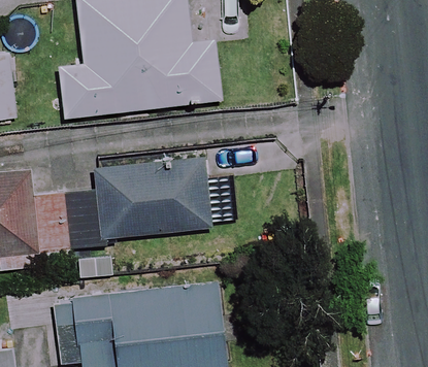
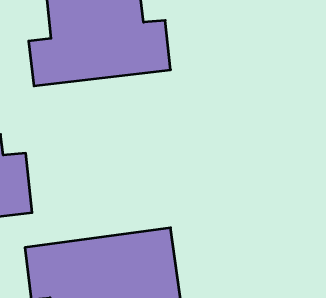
building: [64,159,211,247] -> none

